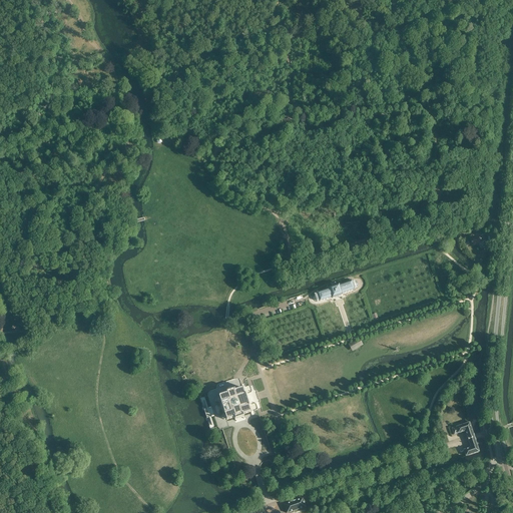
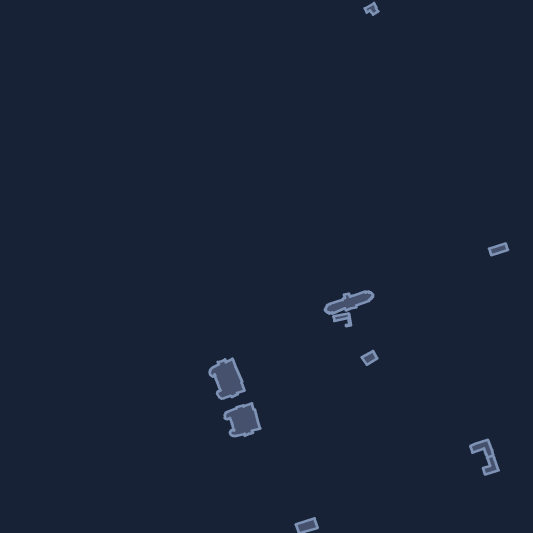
building: none -> [210,359,244,399]

